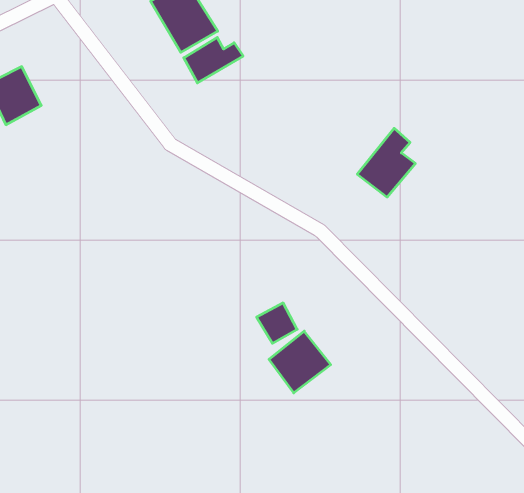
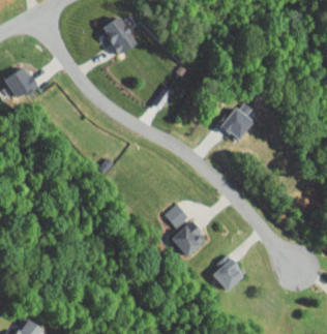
building: [184,37,243,83] -> none
building: none -> [211,253,244,292]

